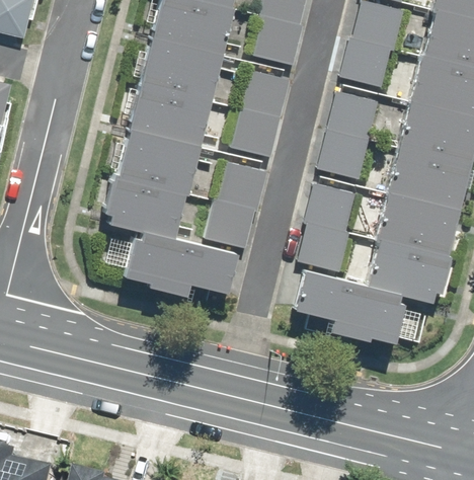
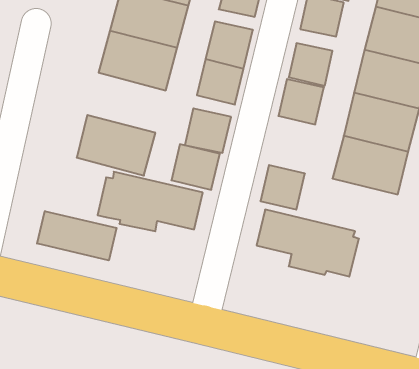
building: [114,125,199,189] -> none
building: [307,184,356,232] -> none
building: [366,238,447,302] -> none
building: none -> [37,211,117,260]

